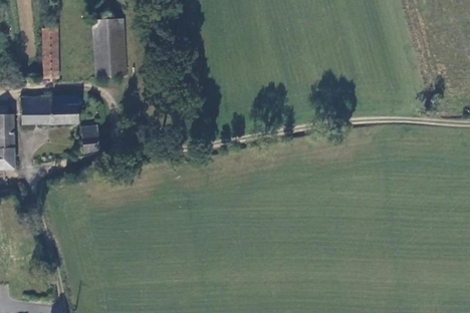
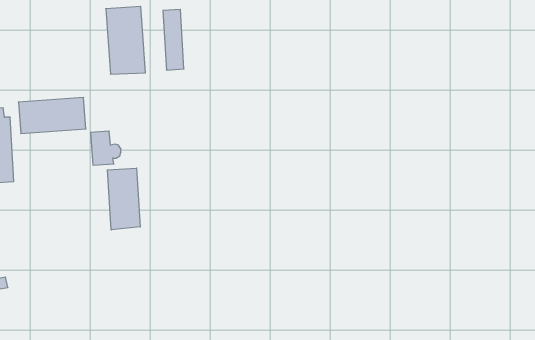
building: [40,25,58,77] -> [163,9,184,70]
building: none -> [107,168,140,230]

